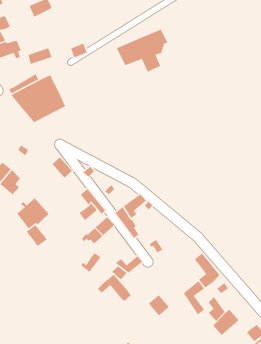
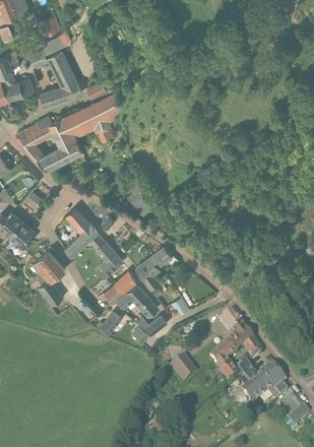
building: none -> [49,51,82,98]
building: [116,28,168,73] -> [65,94,123,143]
building: none -> [65,222,105,256]
building: [97,274,131,302] -> [119,284,156,315]
building: none -> [261,364,288,400]

